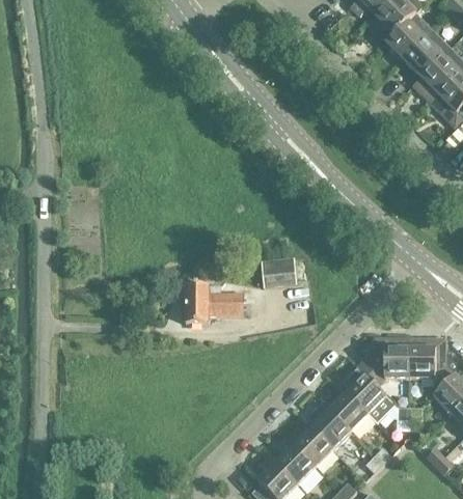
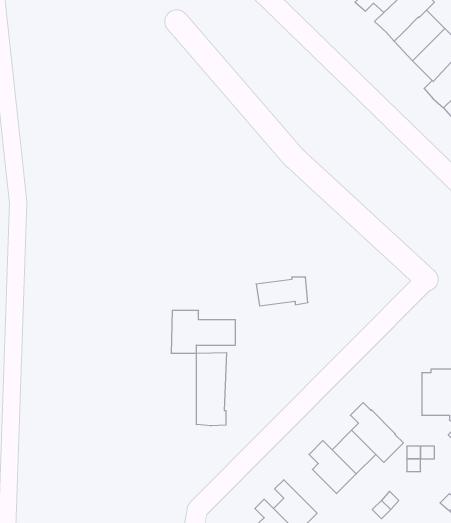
building: none -> [196,353,227,426]
building: [375,348,410,379] -> none
building: [294,427,333,467] -> none

